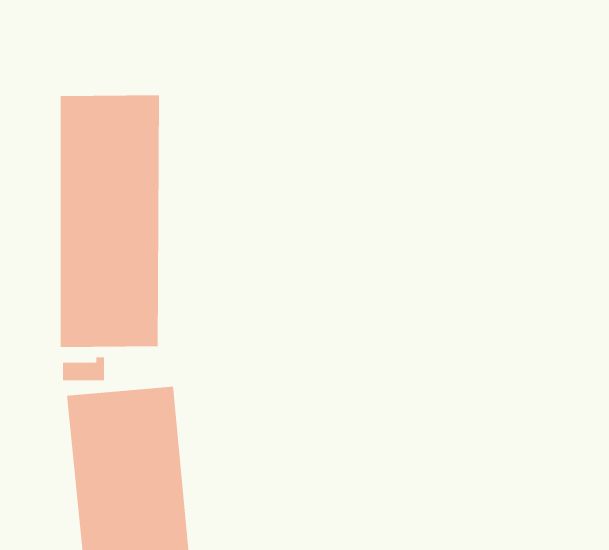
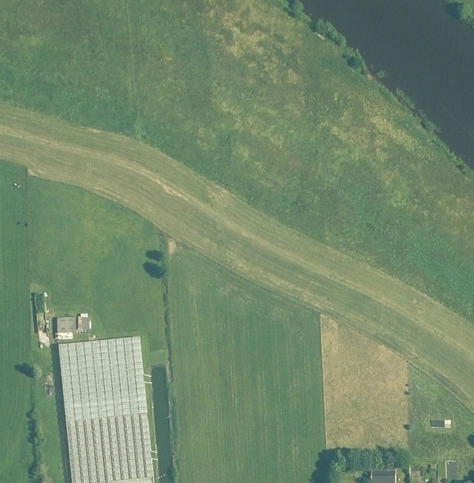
building: [60,95,159,348] -> none

